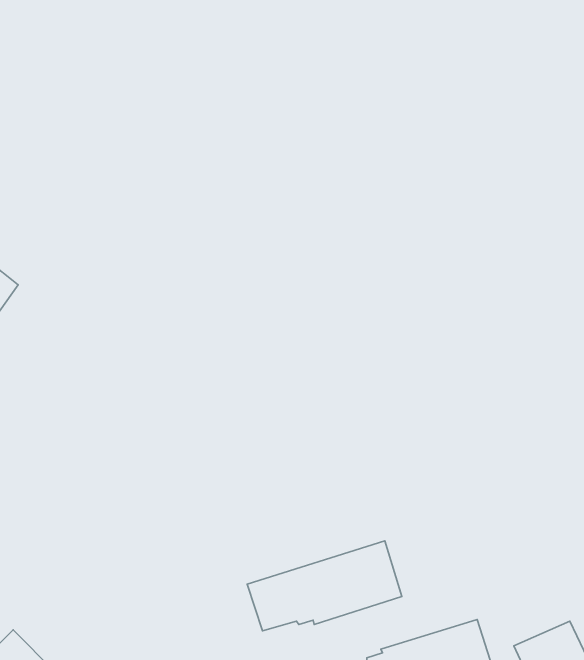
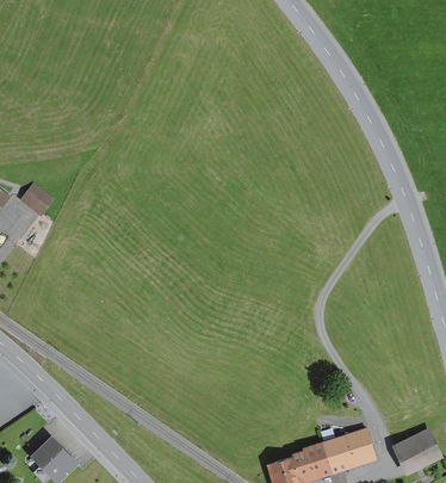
building: [247,541,402,631] -> none

